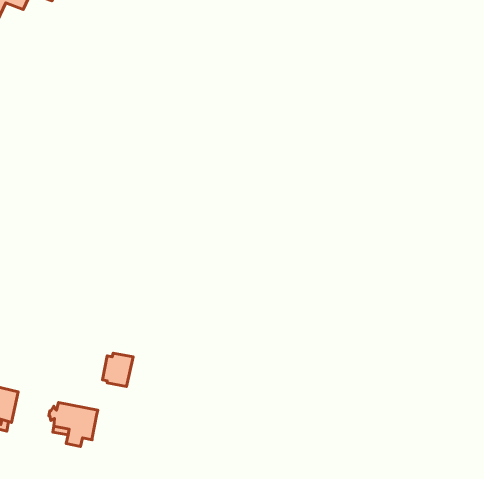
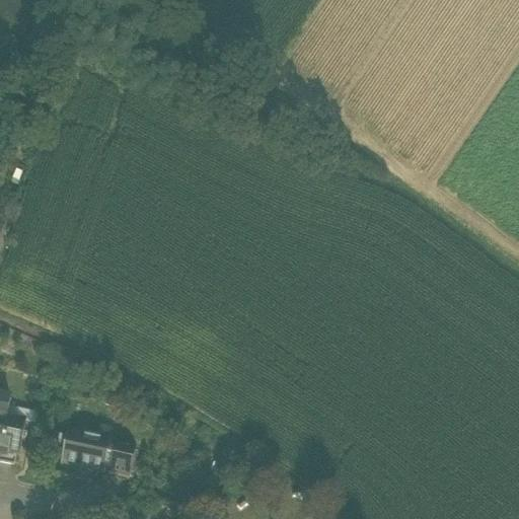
building: [103,353,133,387] -> [97,435,130,470]

